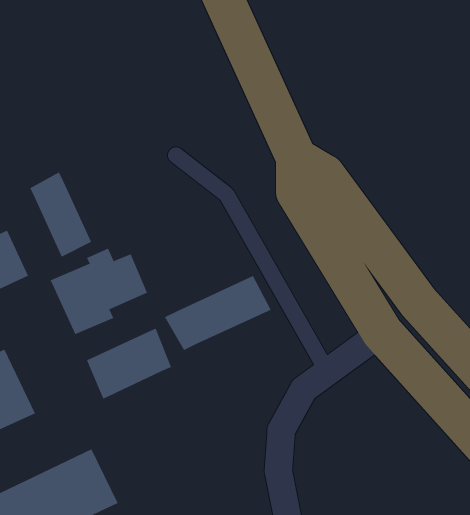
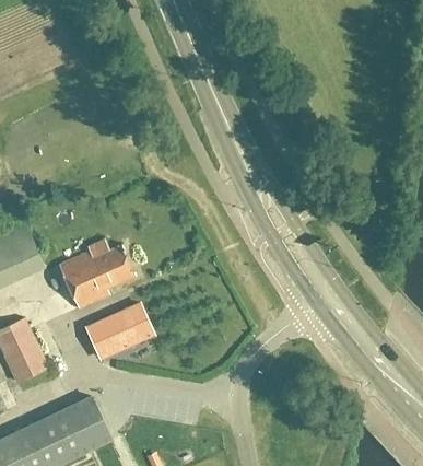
building: [30,171,92,258] -> none
building: [164,275,271,351] -> none

